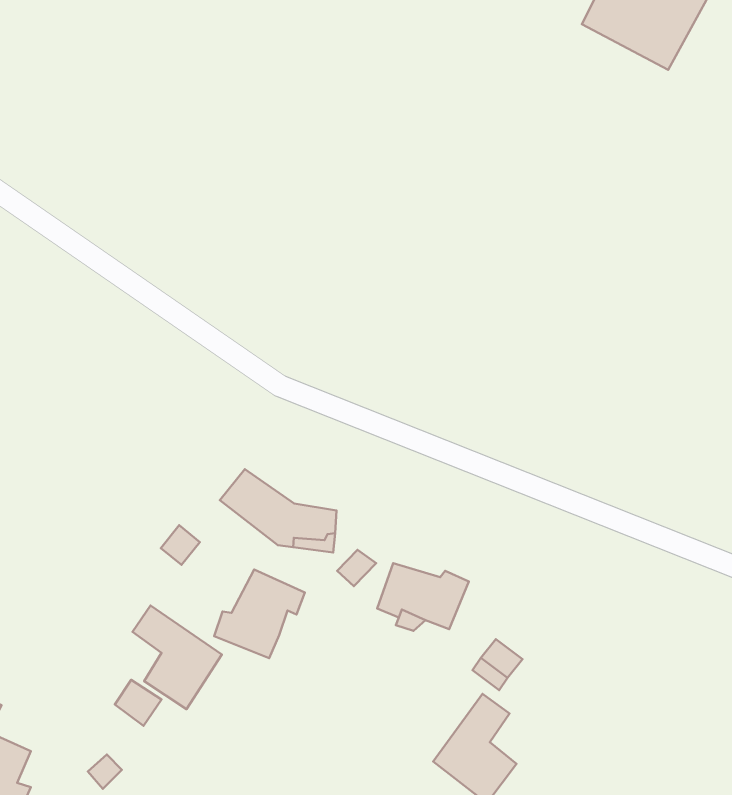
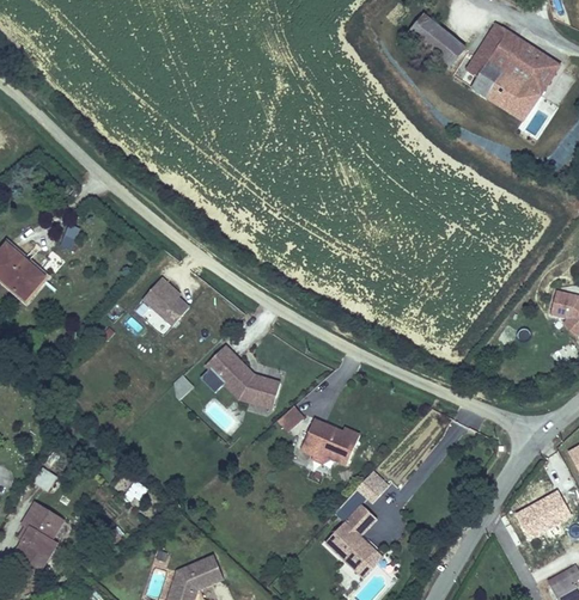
building: none -> [145,276,191,325]
building: [214,570,305,658] -> none
building: [133,605,222,709] -> none

